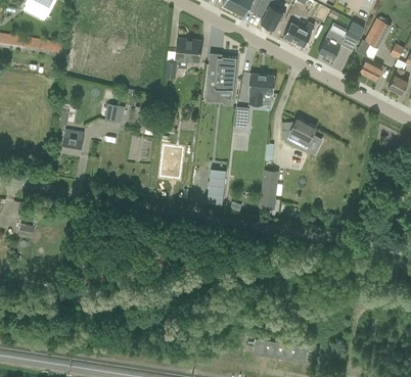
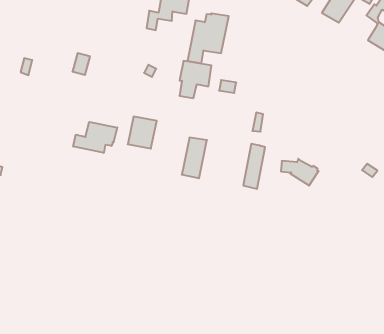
building: [247,76,274,107] -> [179,61,211,98]
building: [282,120,315,142] -> [281,159,319,186]
building: [61,130,83,155] -> none
building: none -> [73,122,117,153]

